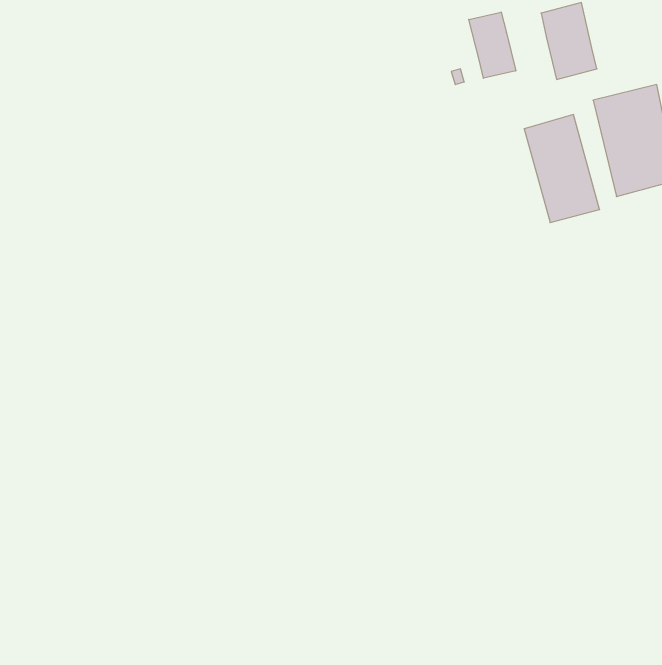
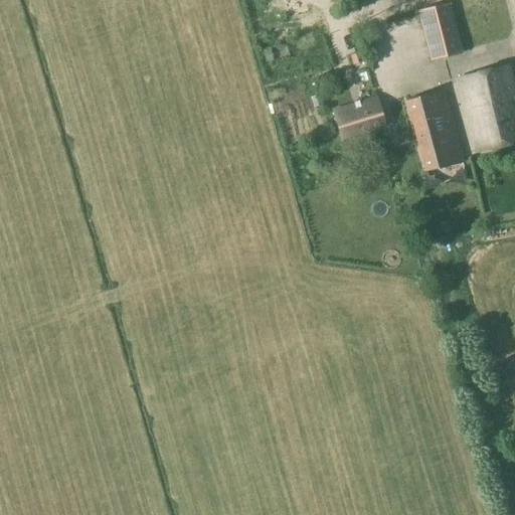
building: [469,12,516,78] -> none
building: none -> [336,100,385,138]

